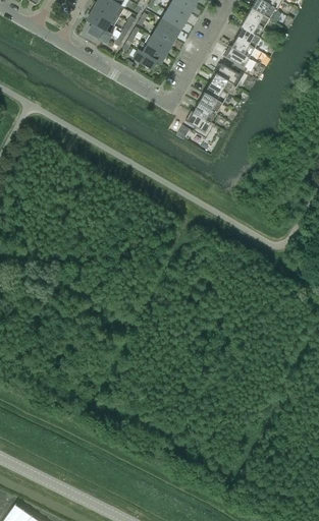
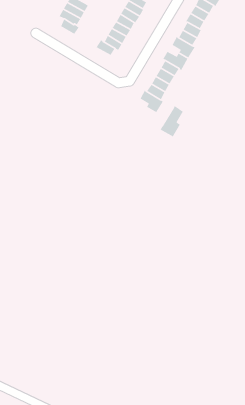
building: none -> [159,105,184,137]

